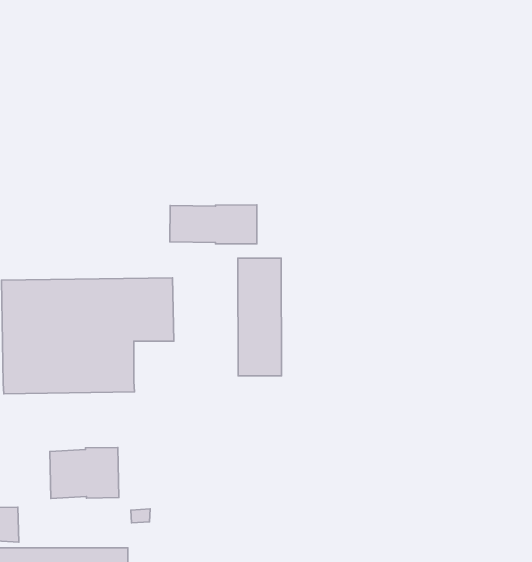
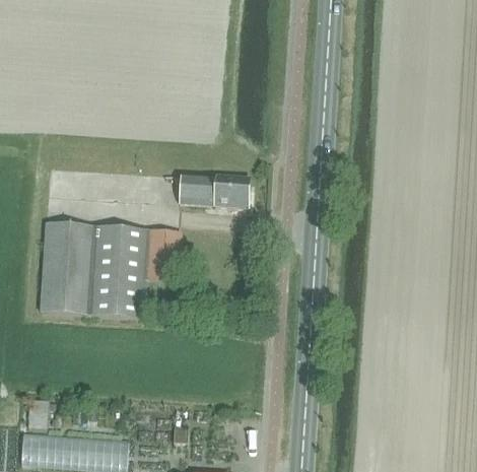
building: [238,258,281,376] -> none
building: [50,447,119,498] -> none

